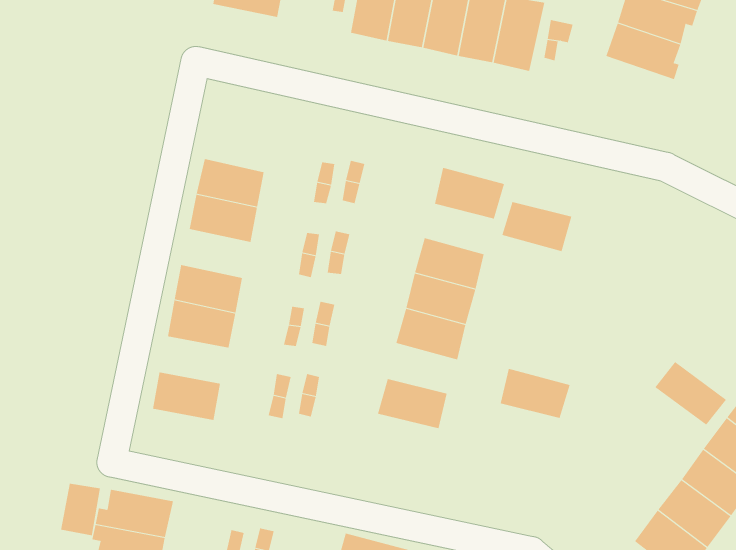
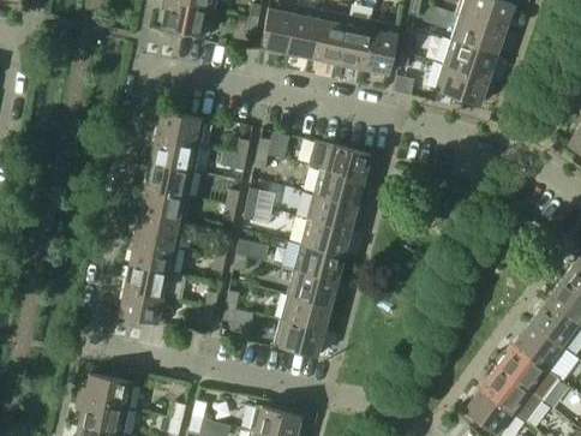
building: none -> [435,65,492,106]
building: none -> [156,112,205,148]
building: [502,201,572,252] -> [313,171,364,207]
building: none -> [139,189,190,223]
building: none -> [124,265,185,301]
building: [655,361,727,426] -> none
building: [500,368,570,419] -> [287,270,337,306]
building: none -> [274,321,324,358]
building: [60,483,101,536] -> none

